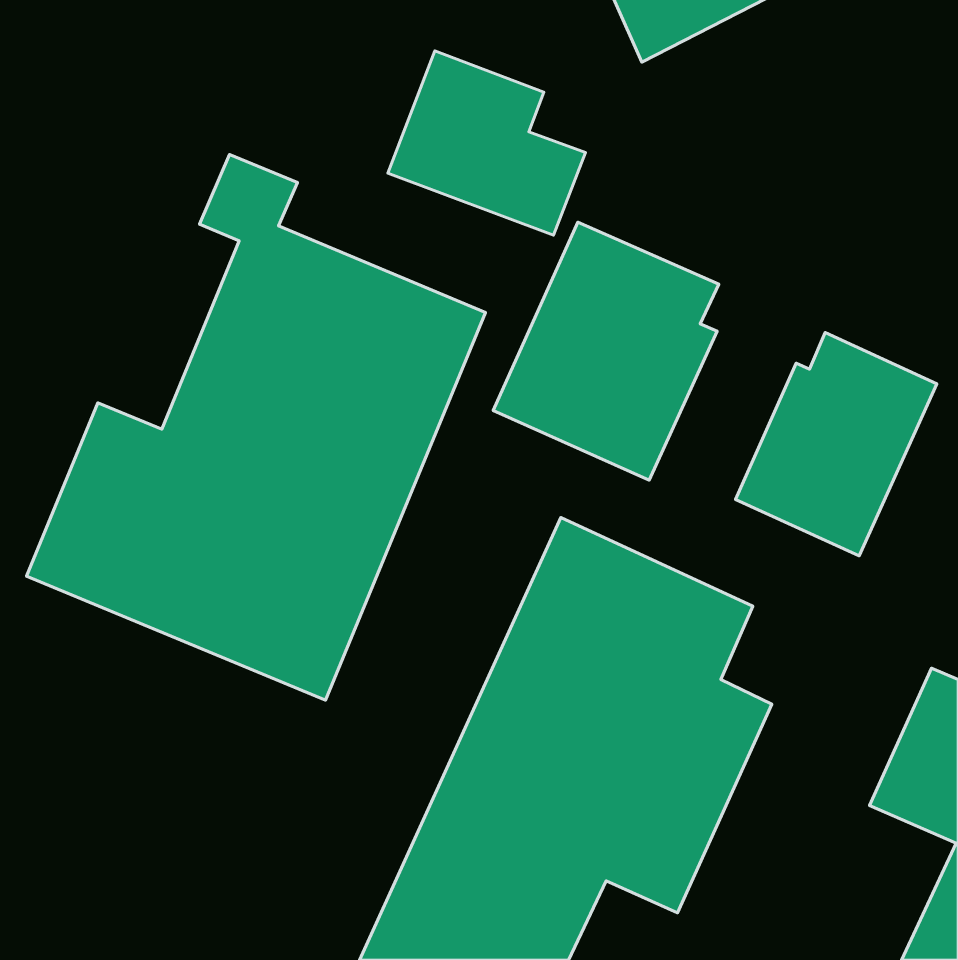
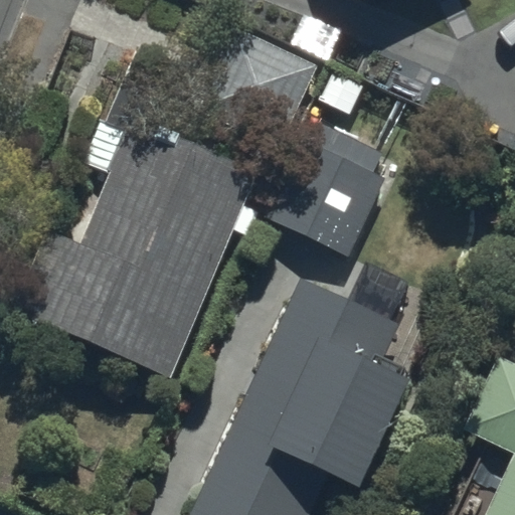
building: [735,332,937,556] -> none

